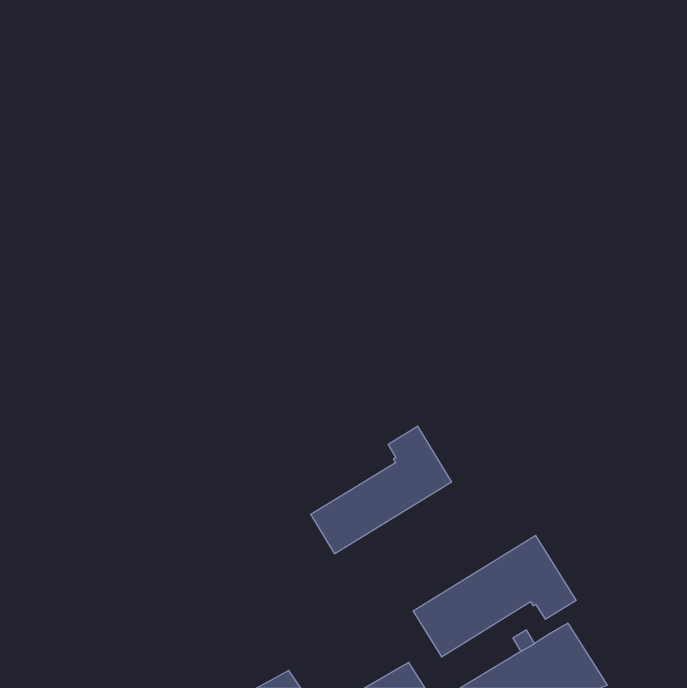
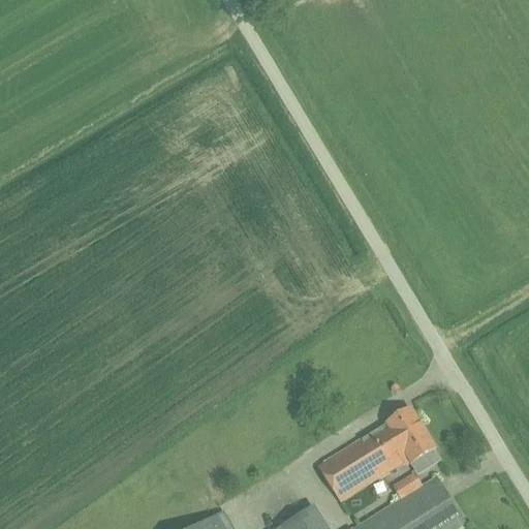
building: [311,426,451,554] -> none

